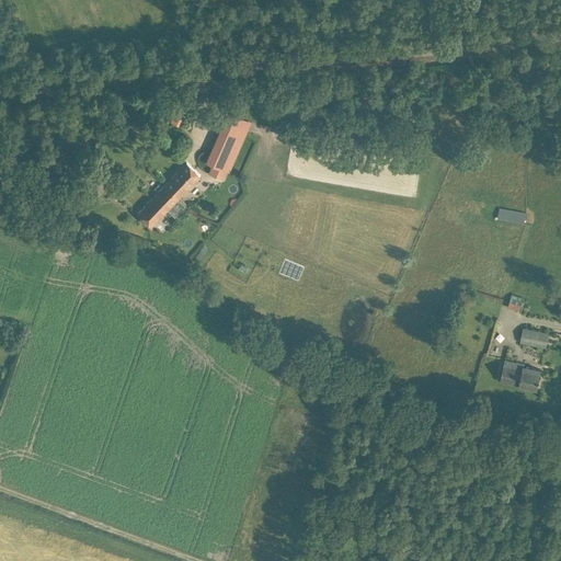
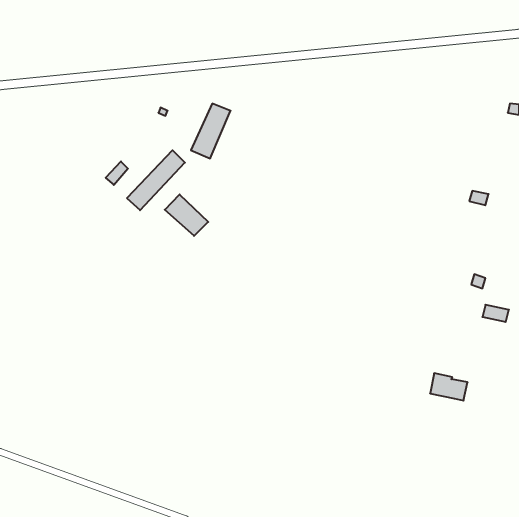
building: none -> [165,194,208,236]
building: [501,362,541,391] -> [430,373,468,401]

